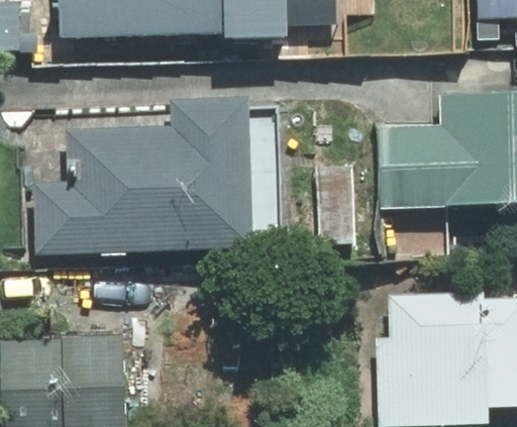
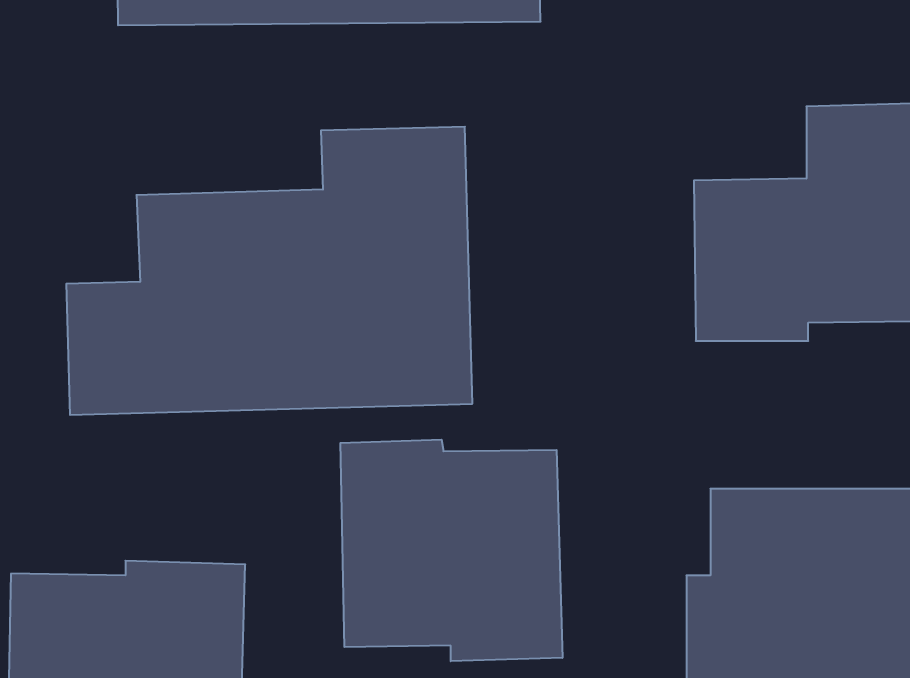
building: none -> [340,440,562,661]

